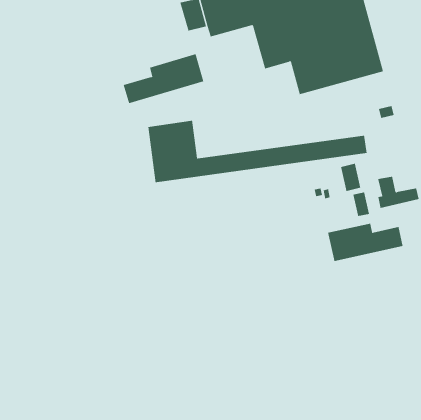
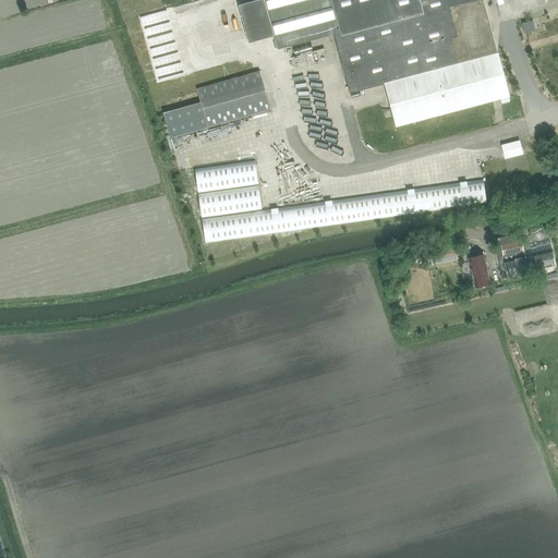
building: [341,163,361,192] -> none
building: [328,223,403,262] -> none

